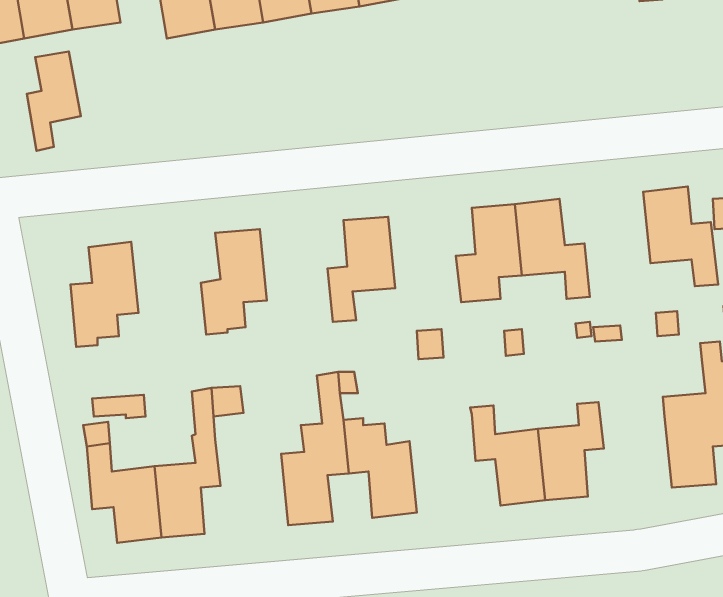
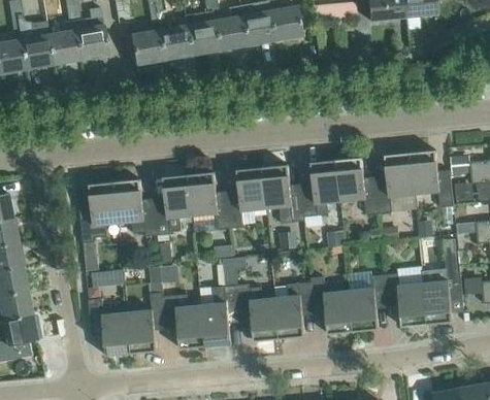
building: [27,51,81,151] -> none
building: none -> [377,153,415,213]
building: none -> [263,164,305,223]
building: none -> [189,172,231,229]
building: none -> [115,179,158,236]
building: none -> [385,273,427,327]
building: none -> [275,281,314,338]
building: none -> [163,294,205,348]

